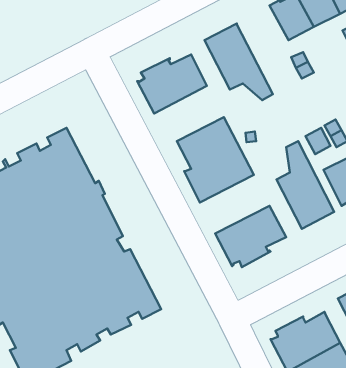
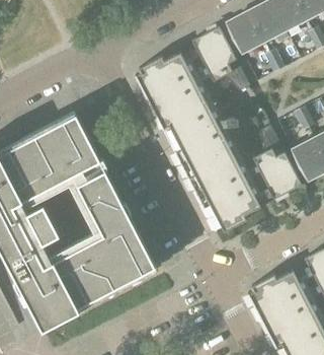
building: none -> [226,11,262,52]
building: none -> [149,79,208,129]
building: none -> [187,154,246,204]

